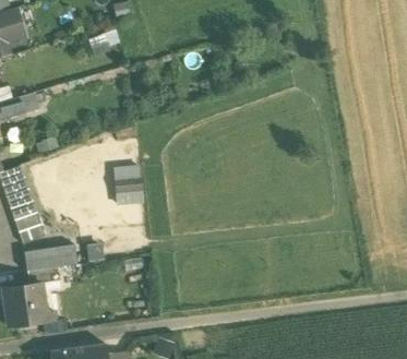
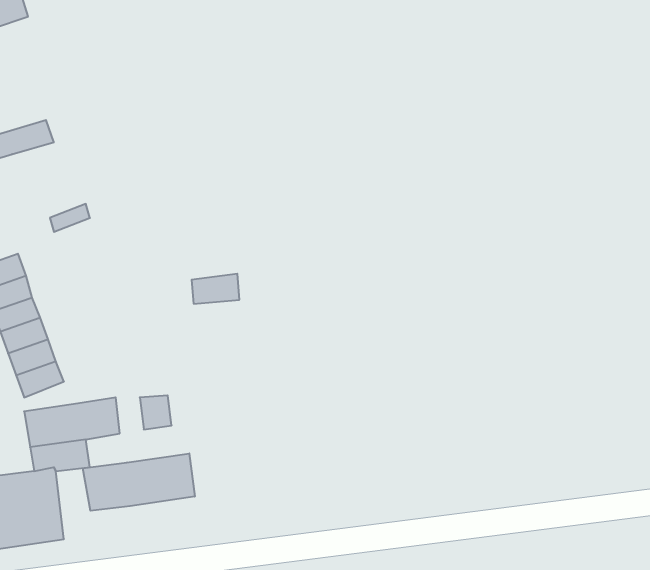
building: none -> [83,453,195,511]

